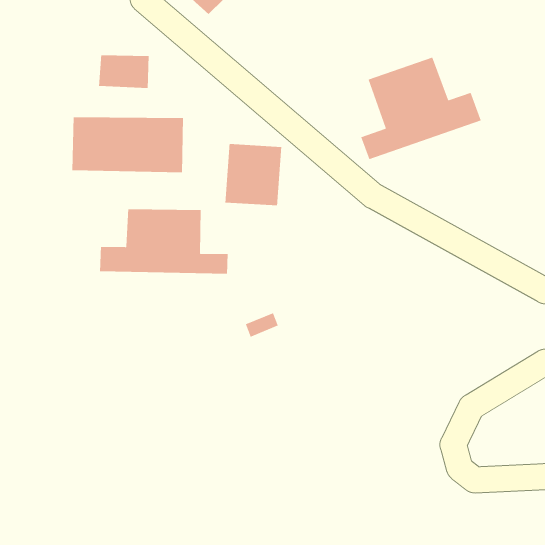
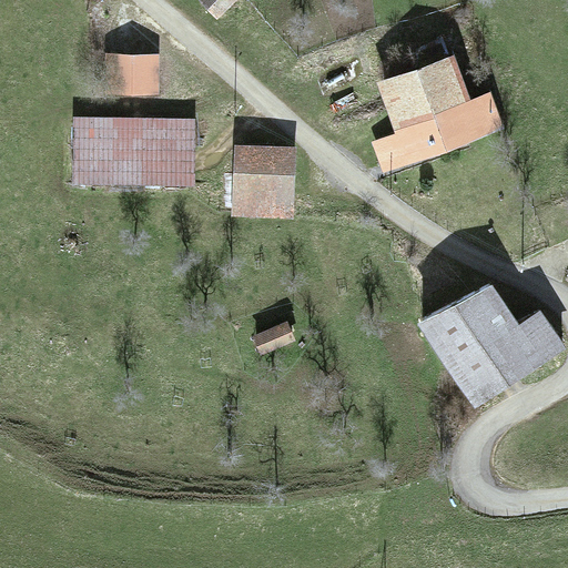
building: [99,208,229,274] -> none
building: none -> [429,285,561,398]

